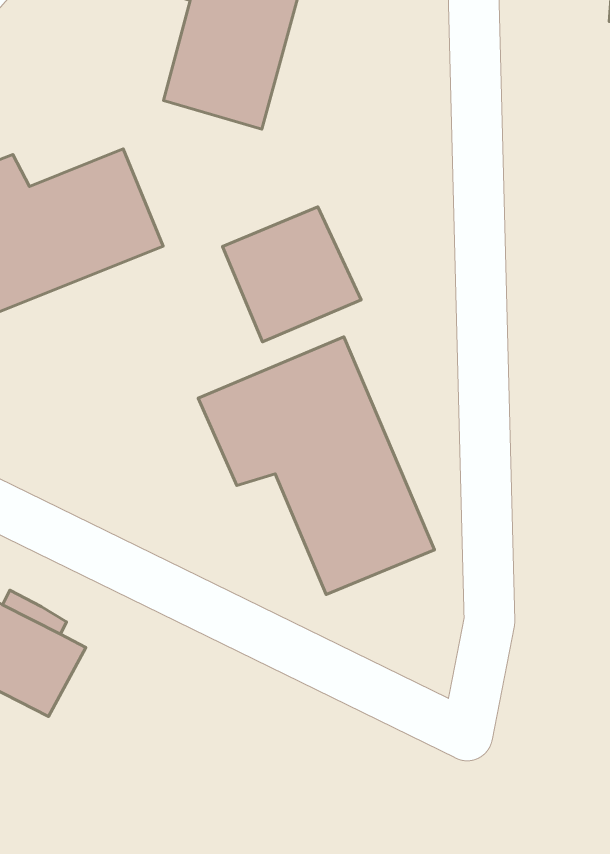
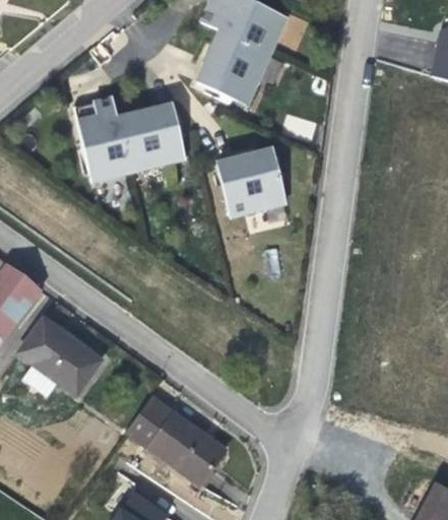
building: [198,337,435,594] -> none
building: none -> [131,399,231,486]

